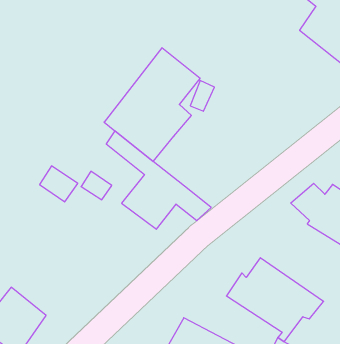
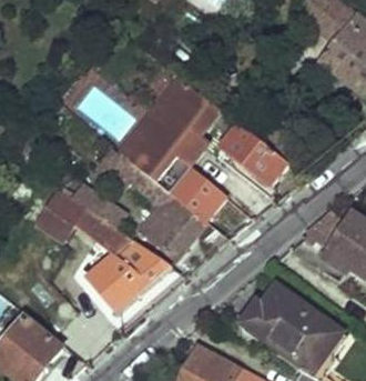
building: none -> [221,123,287,184]
building: none -> [169,164,225,219]
building: none -> [82,240,169,313]

